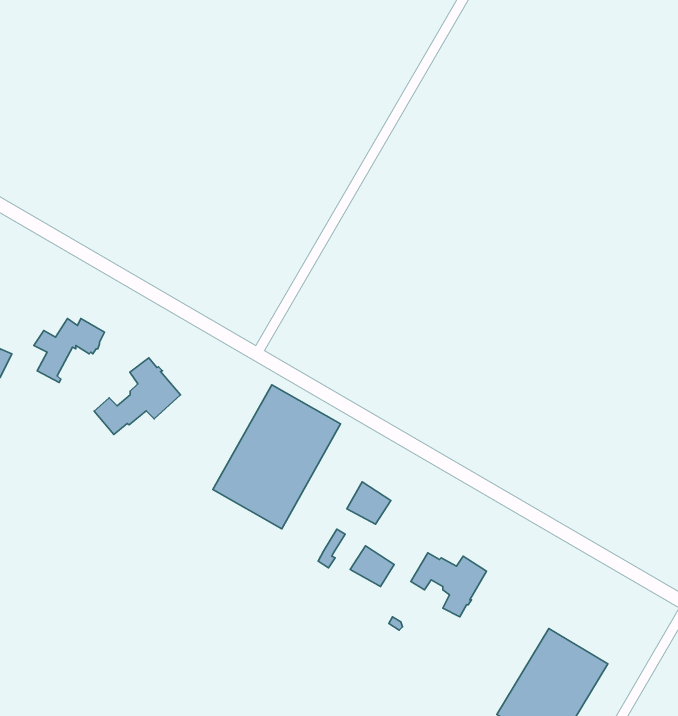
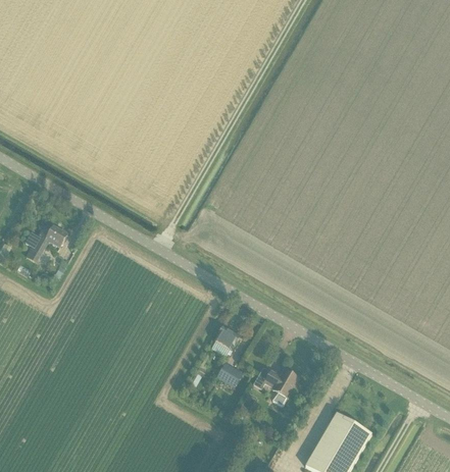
building: [94,358,181,435] -> none
building: [213,385,341,529] -> none

